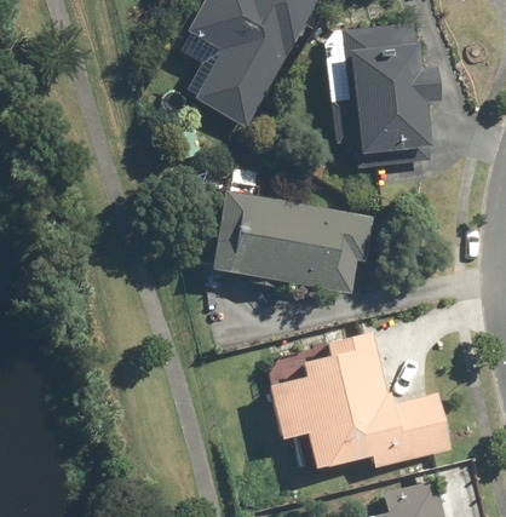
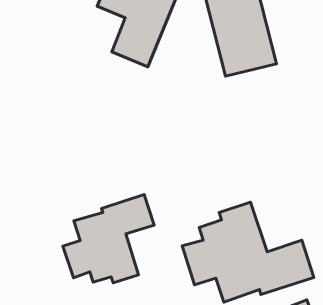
building: [197,193,367,295] -> none
building: none -> [63,195,154,283]

